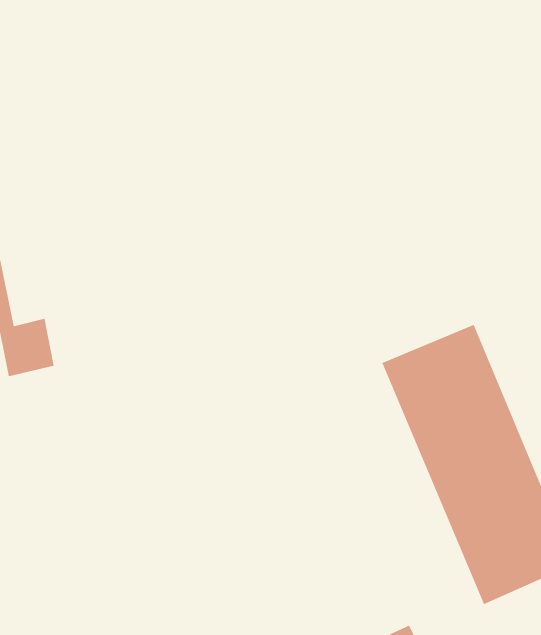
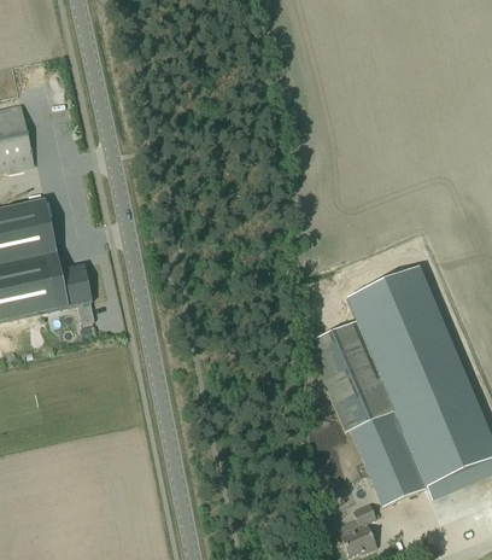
building: none -> [310,321,424,506]

